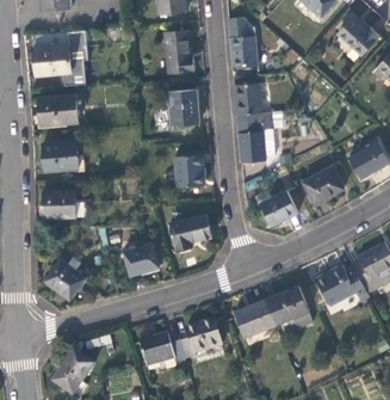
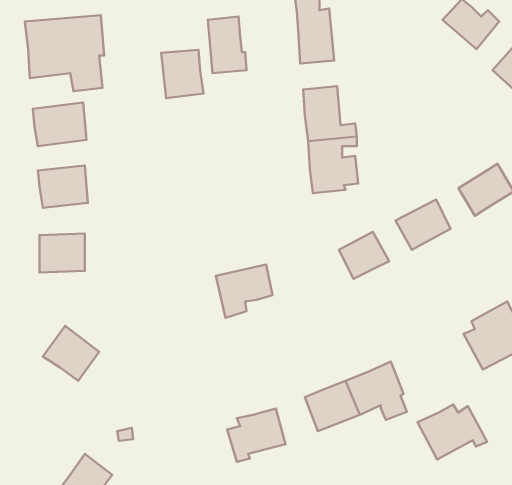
building: [168,90,199,125] -> [161,50,203,98]
building: [177,154,205,185] -> none
building: [123,242,159,275] -> none
building: [316,264,367,304] -> [418,404,487,460]
building: [141,333,186,365] -> none

